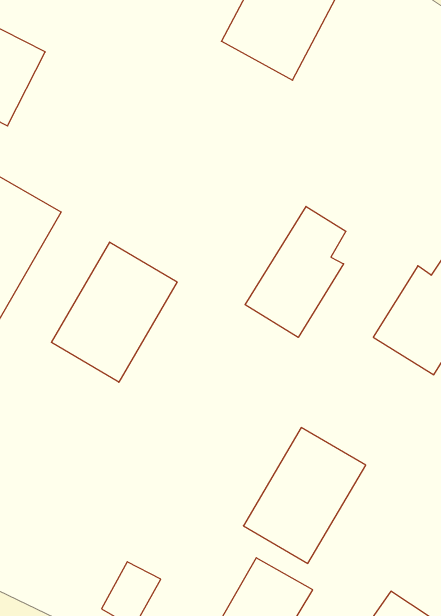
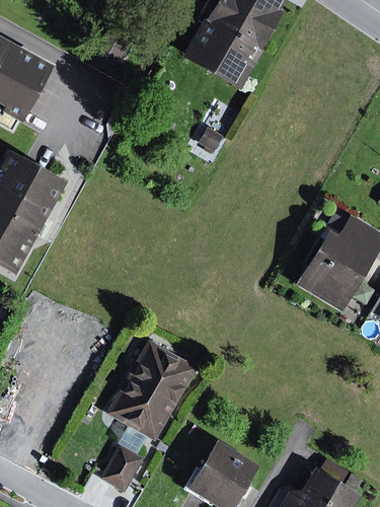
building: [245,206,346,337] -> none
building: [51,242,177,382] -> none
building: [243,428,366,563] -> [103,342,196,444]

